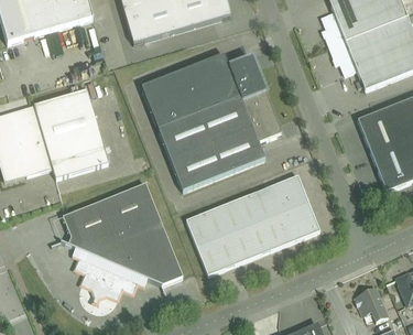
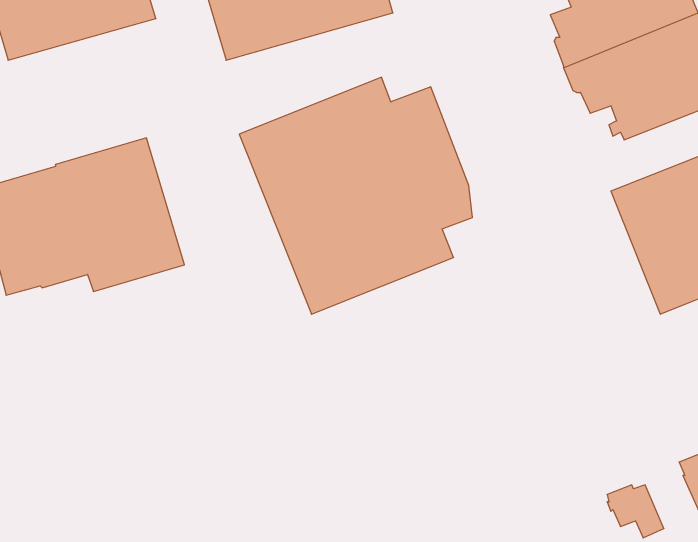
building: [186,174,319,274] -> none
building: [51,183,183,299] -> none

